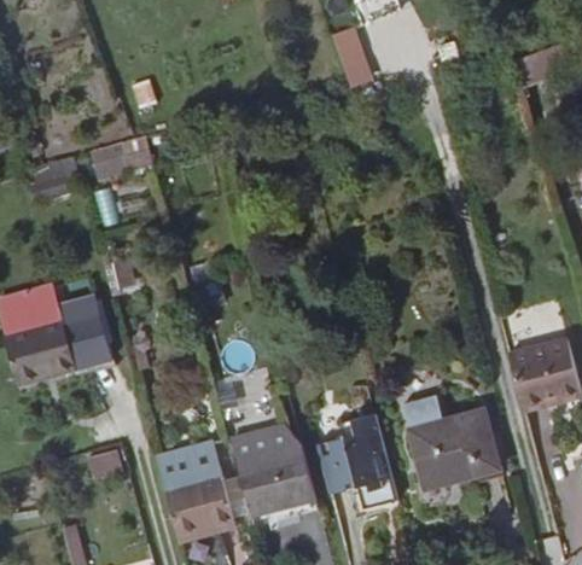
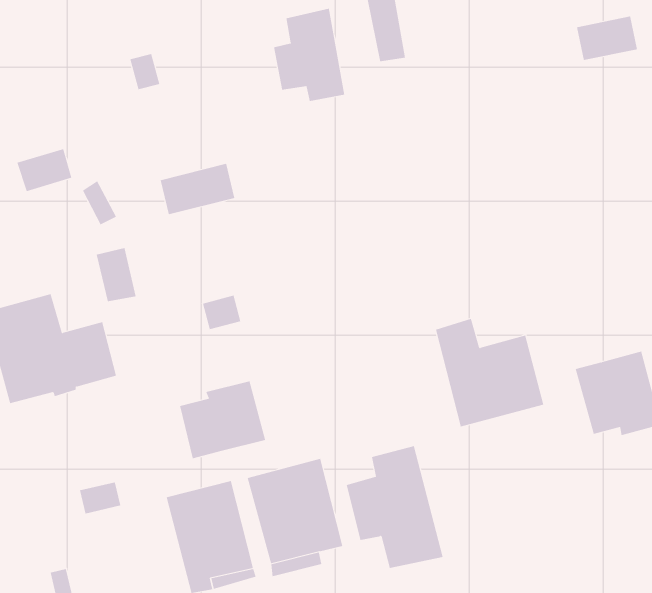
building: none -> [274,8,345,102]
building: [85,132,150,176] -> [160,163,235,215]
building: none -> [179,381,266,459]
building: [411,403,505,497] -> [435,318,544,427]

